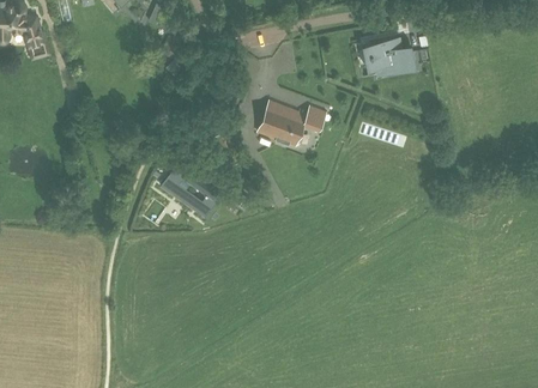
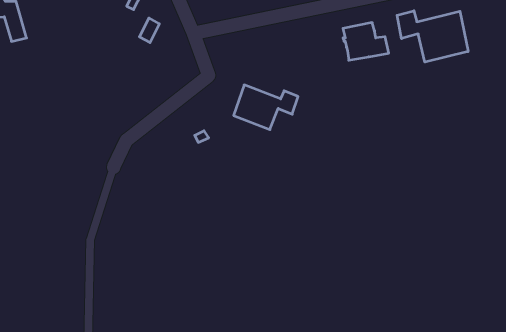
building: none -> [397,11,468,62]
building: [159,163,225,211] -> none

